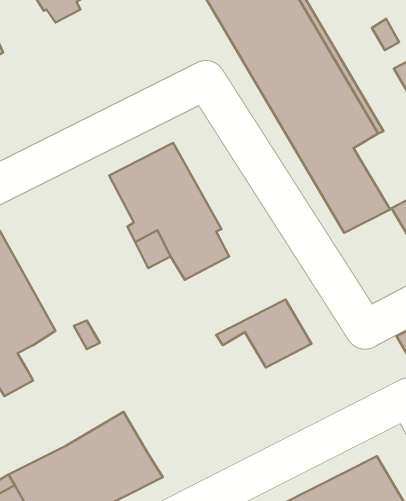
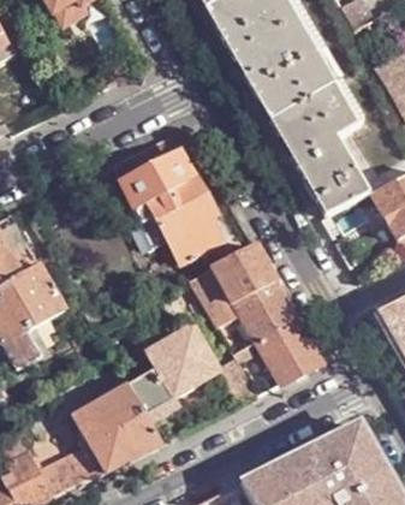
building: none -> [192,244,275,310]
building: none -> [257,319,323,382]
building: none -> [126,323,219,420]

